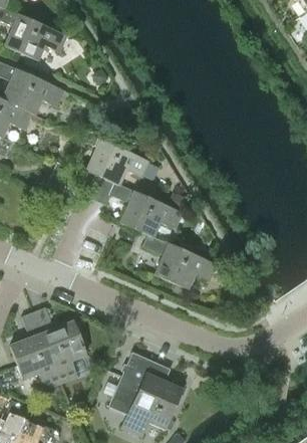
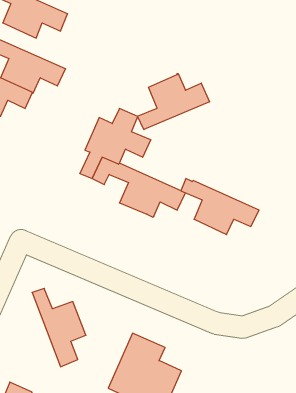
building: none -> [138,74,210,130]
building: [140,234,218,289] -> [181,179,259,235]
building: [9,311,60,391] -> none

